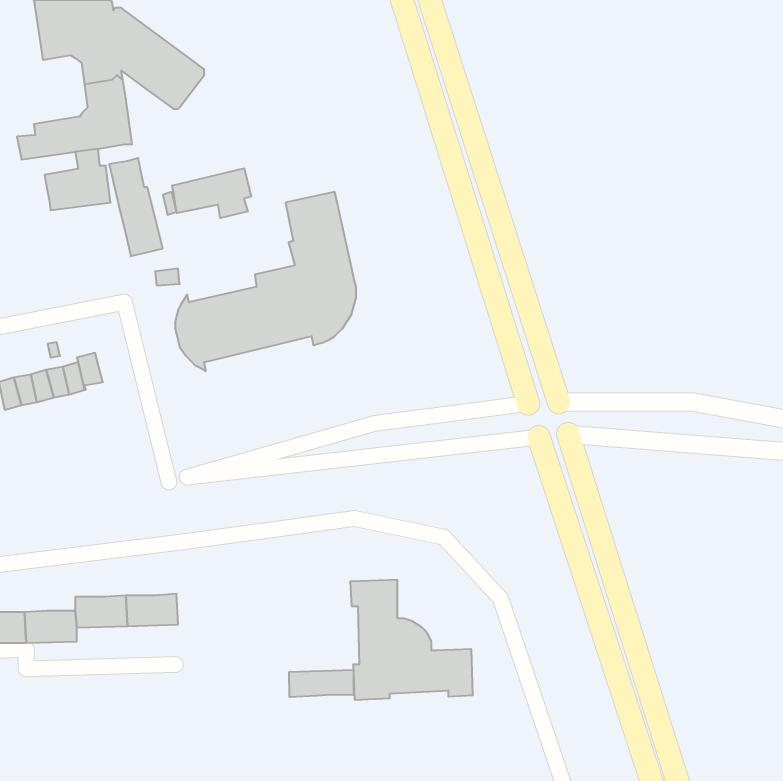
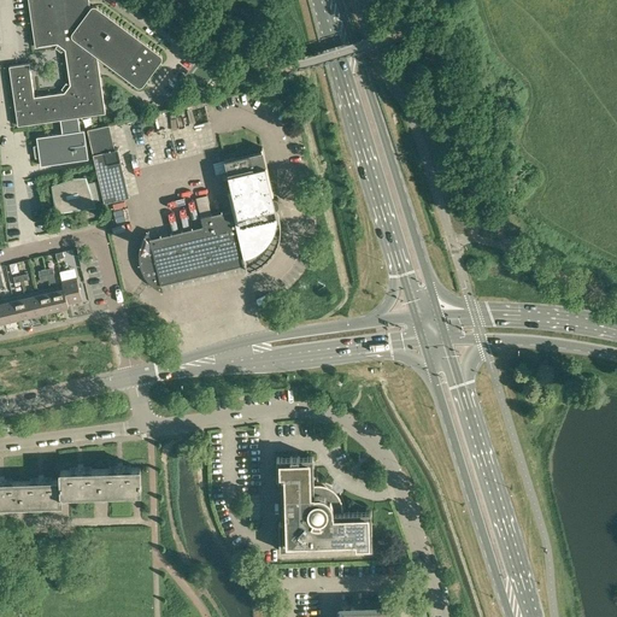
building: none -> [7,65,33,110]
building: [172,168,251,218] -> none
building: none -> [51,180,102,216]
building: [289,670,353,697] -> none

